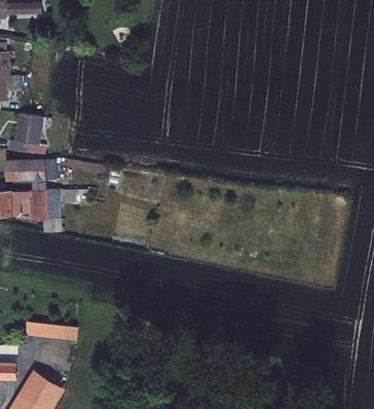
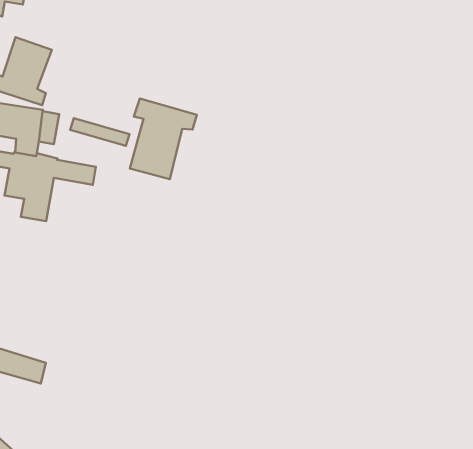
building: none -> [130,99,197,179]

